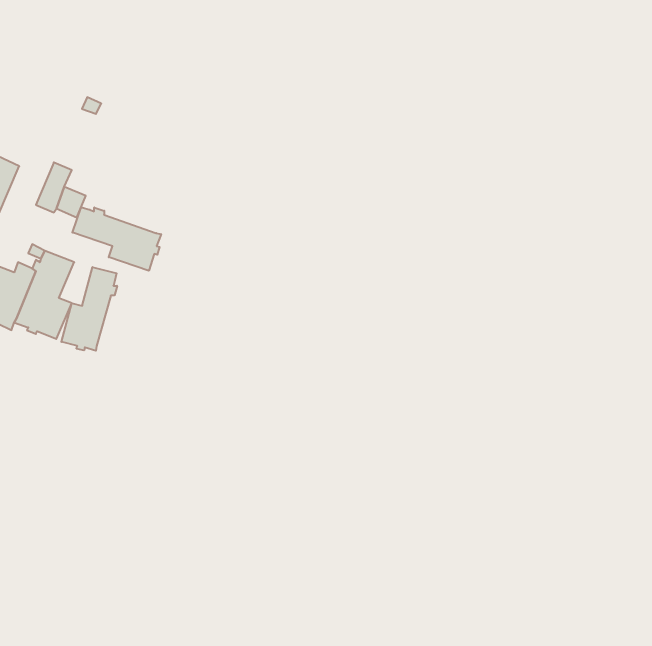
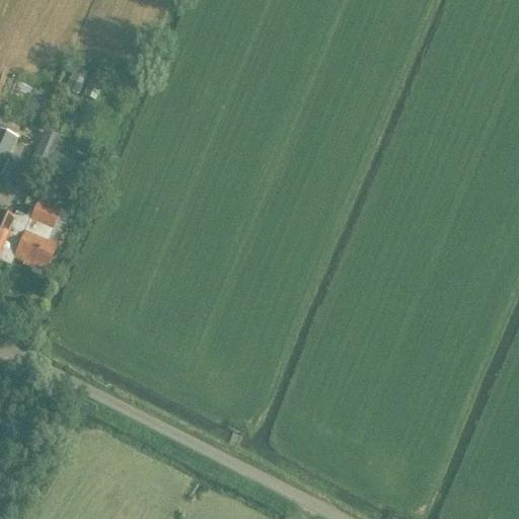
building: [72,207,161,271] -> none
building: [61,267,117,351] -> none

